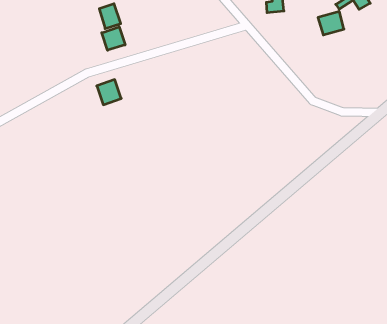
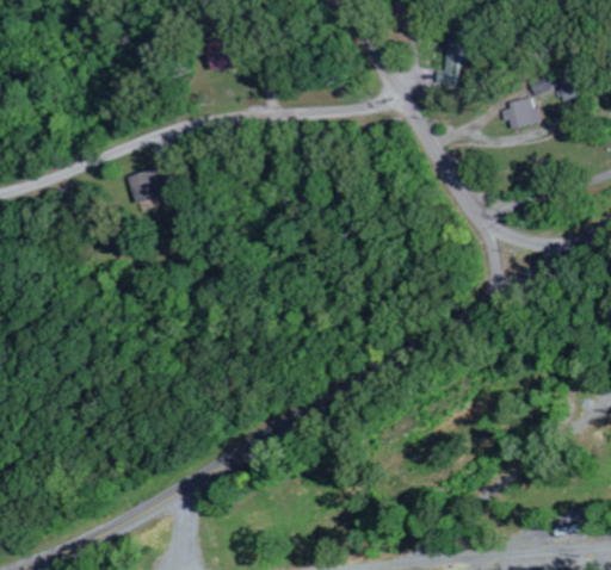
building: [102,27,125,50] -> none
building: [97,80,121,105] -> [129,171,160,203]

